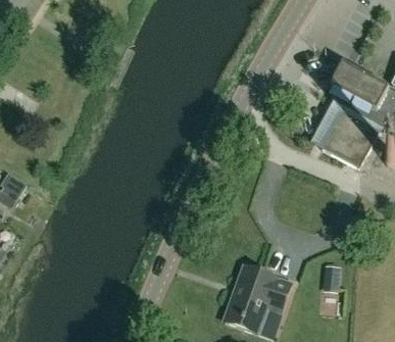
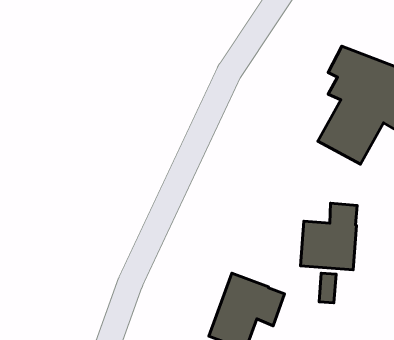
building: none -> [301,203,357,270]

